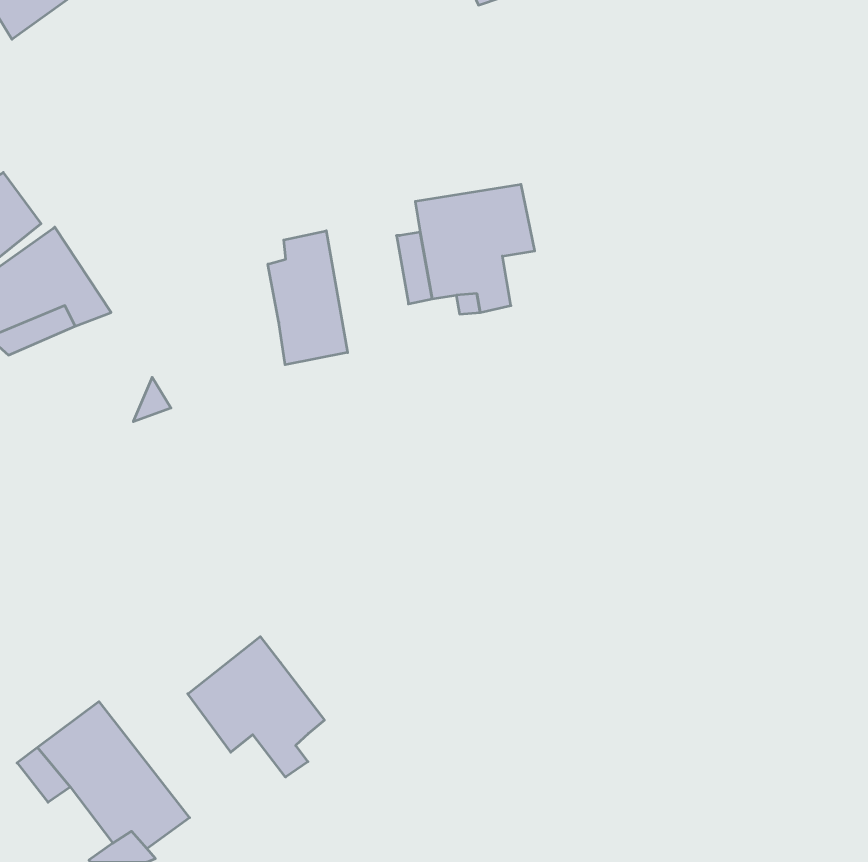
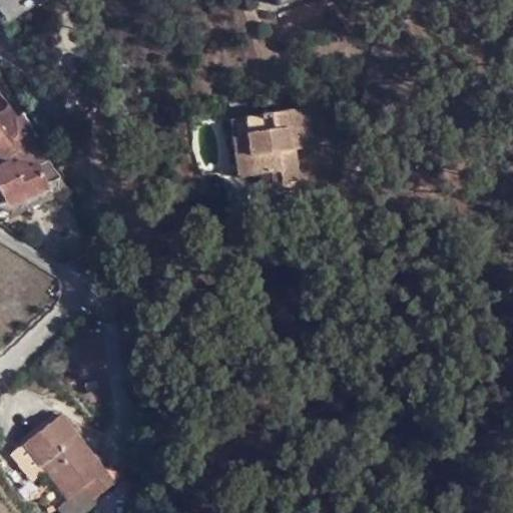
building: [268,231,348,365] -> none
building: [188,637,324,777] -> none

